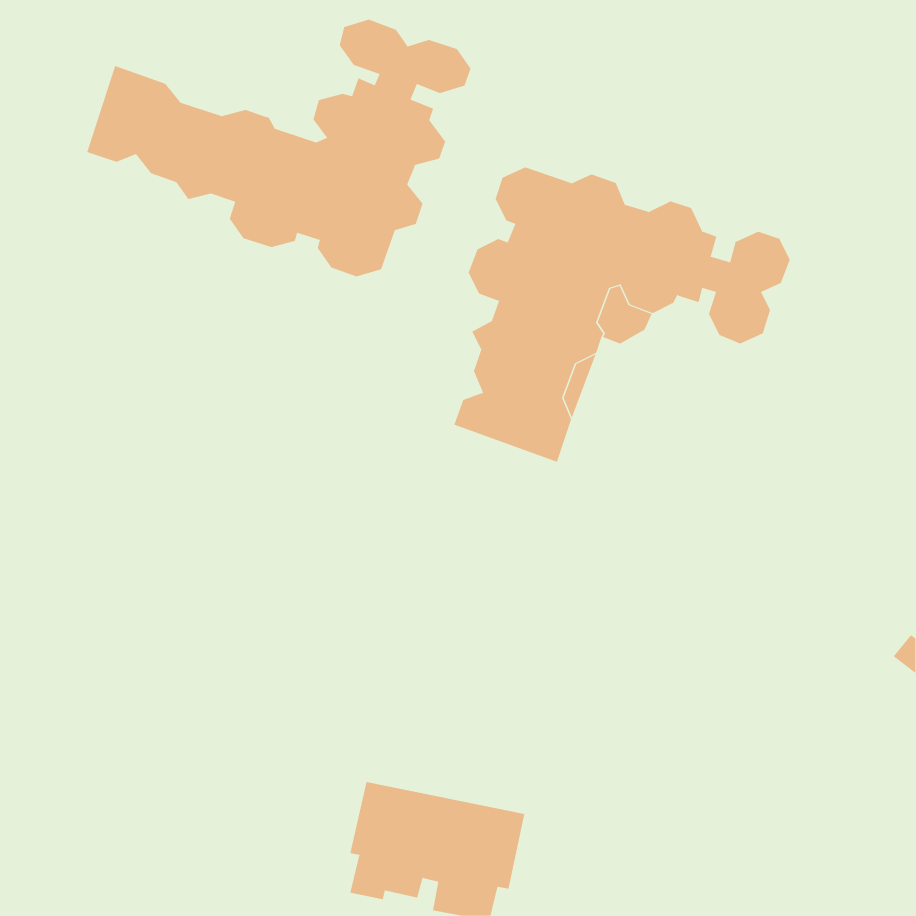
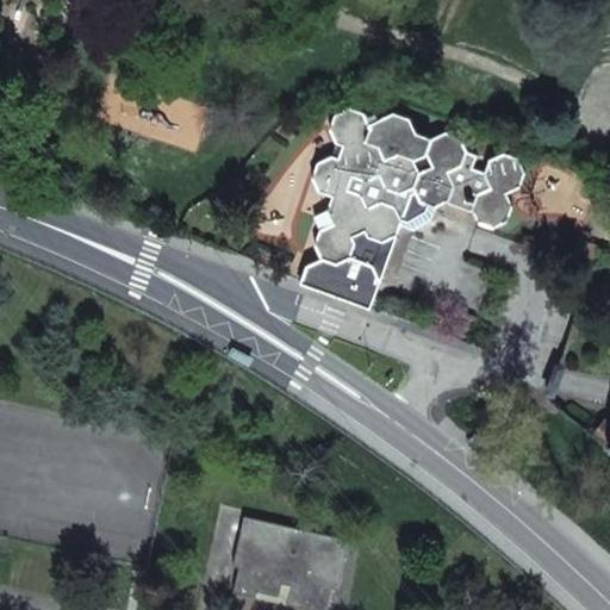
building: [86,19,471,277] -> none

